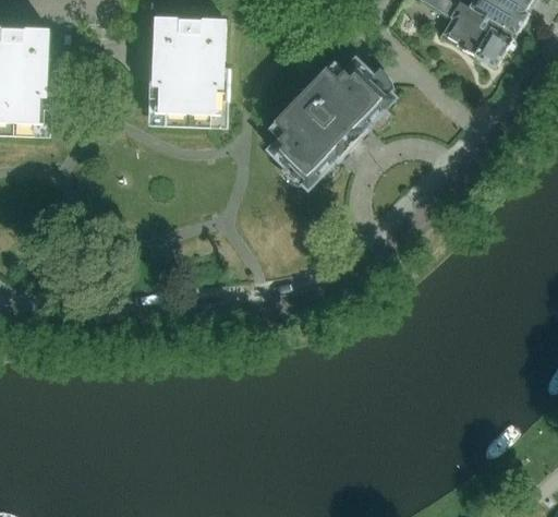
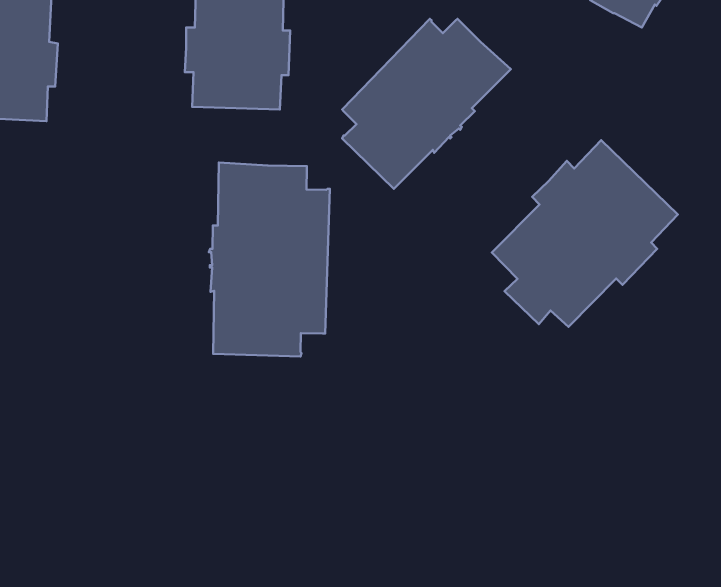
building: none -> [492,140,678,327]
building: none -> [209,162,330,357]

